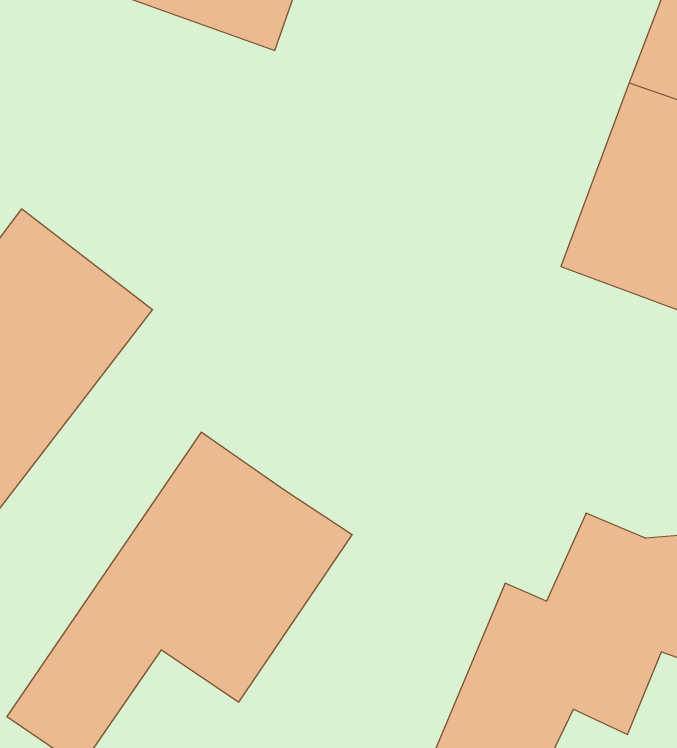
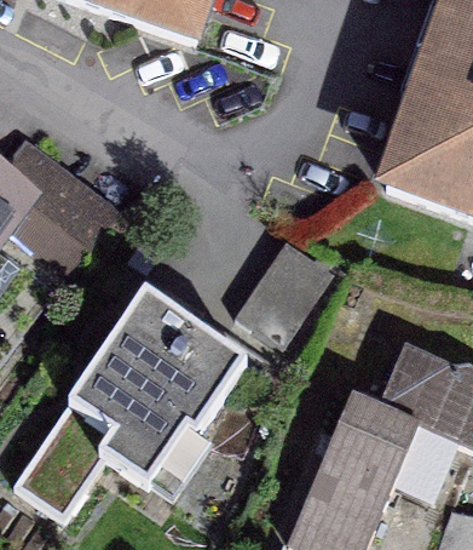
building: none -> [235,239,334,346]

